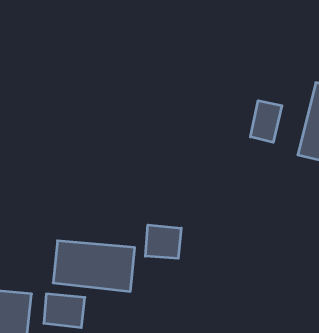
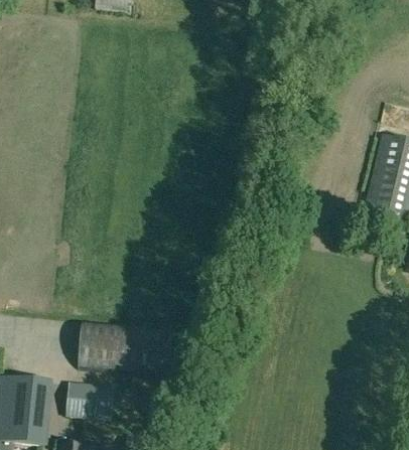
building: [250,101,282,142] -> none
building: [145,225,181,258] -> none

